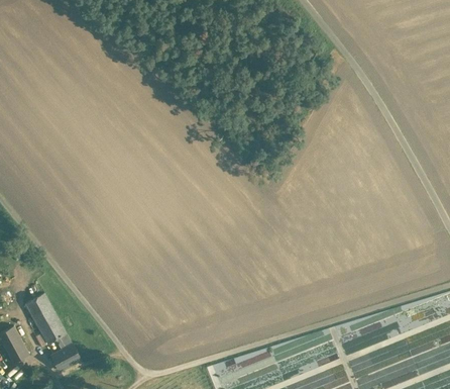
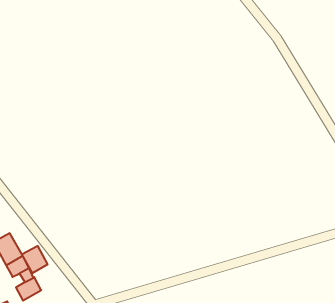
building: none -> [22,246,47,273]

